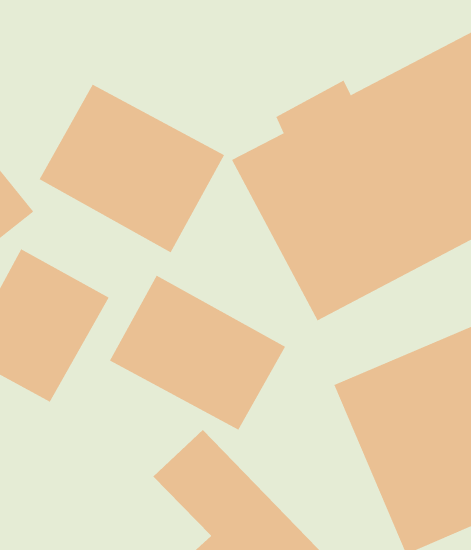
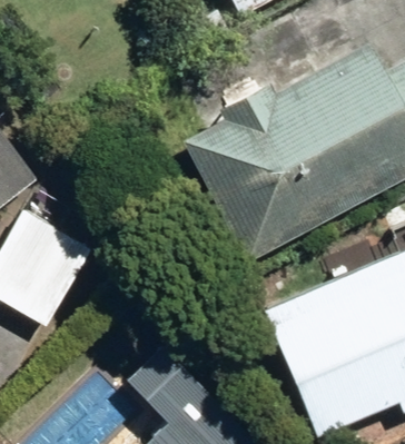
building: [39,84,225,253] -> none
building: [109,275,286,431] -> none

